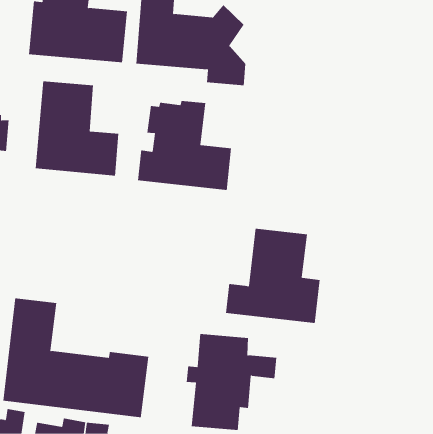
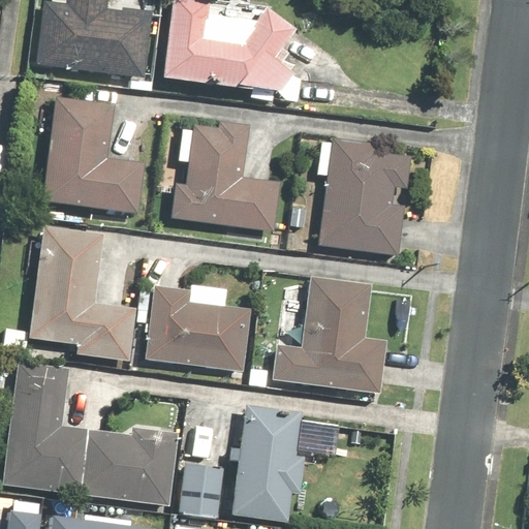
building: none -> [317,138,410,254]
building: none -> [22,224,128,347]
building: none -> [146,285,251,371]
building: none -> [178,463,222,519]

